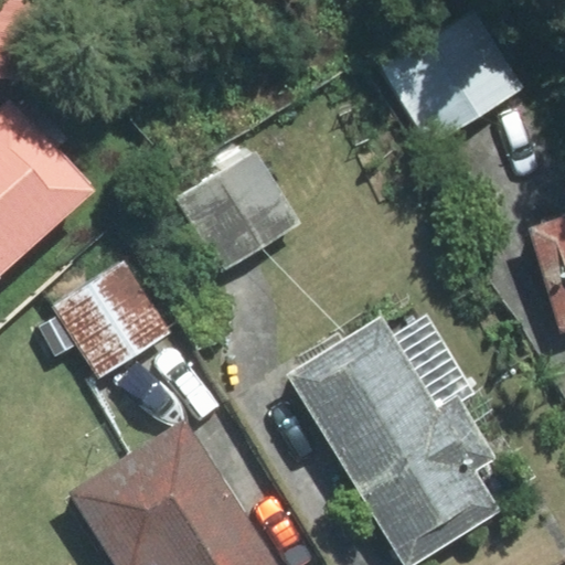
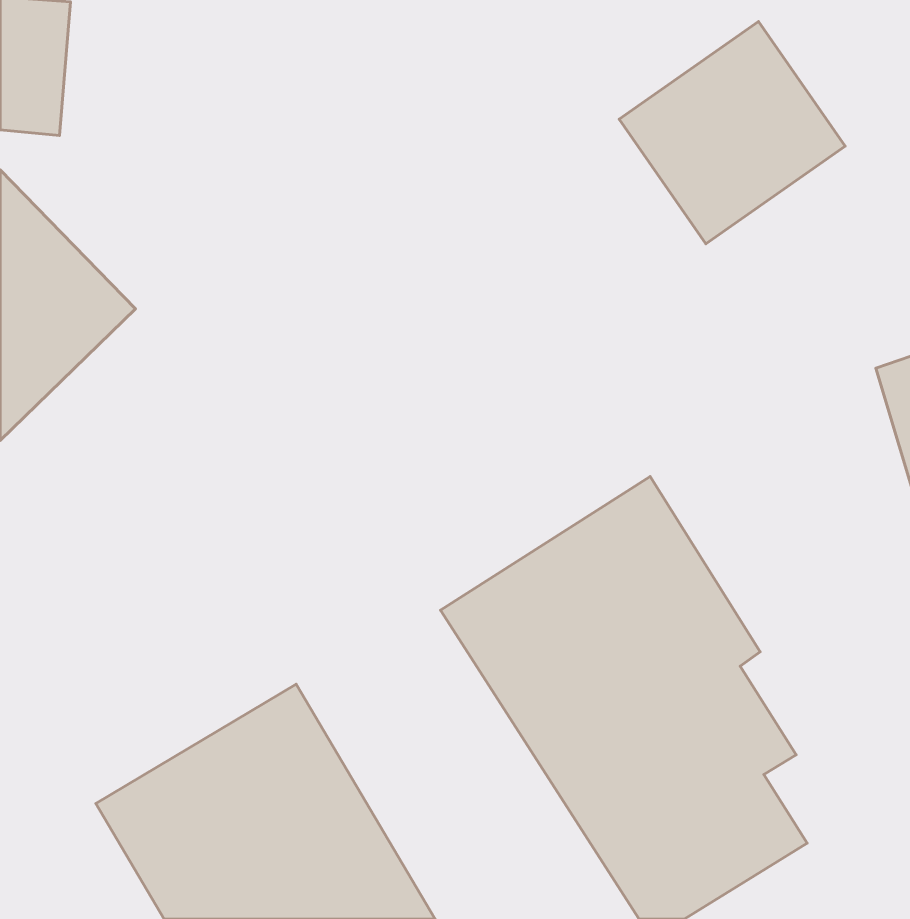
building: [182,162,301,273] -> none
building: [50,252,180,383] -> none

